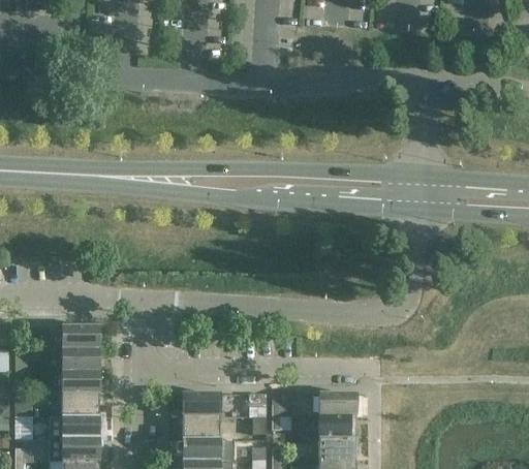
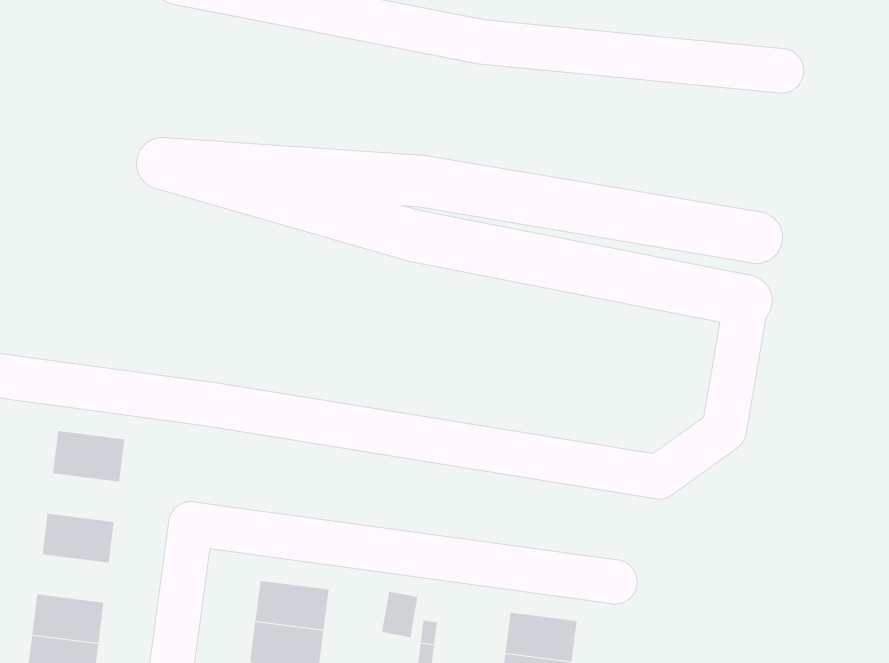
building: [62,353,99,375] -> none
building: [62,398,99,419] -> none

